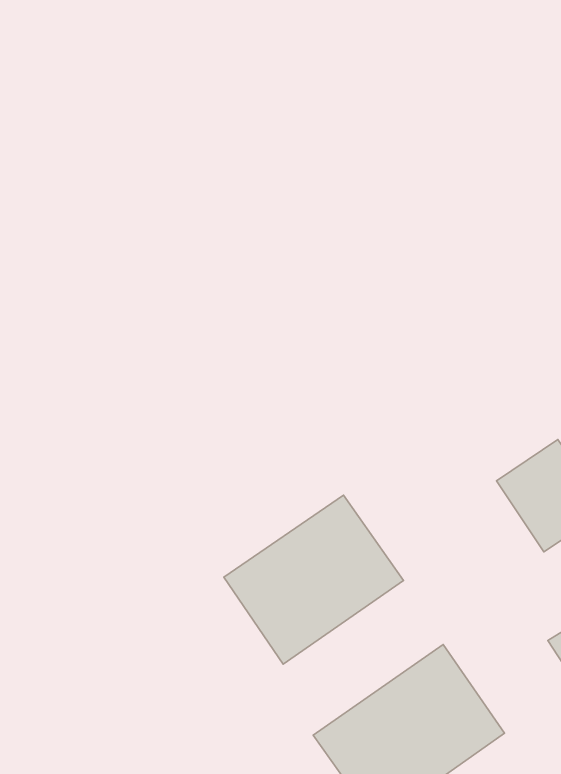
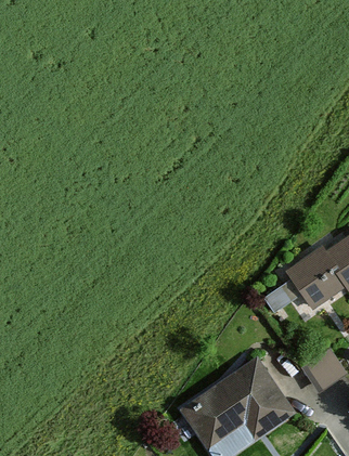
building: [224,495,404,664] -> none

